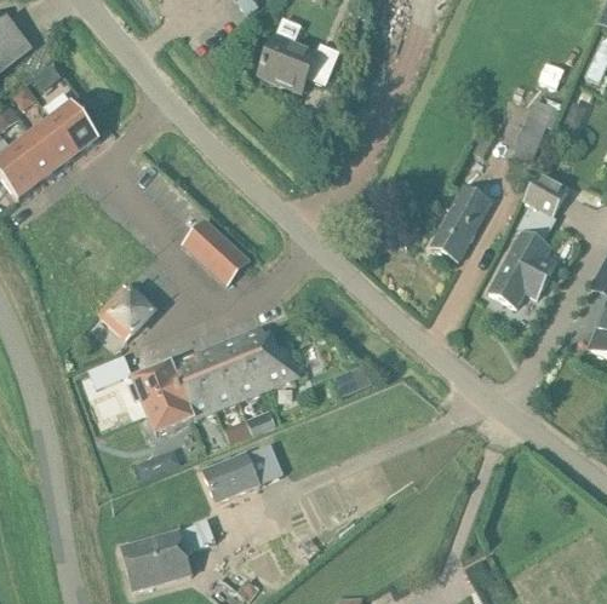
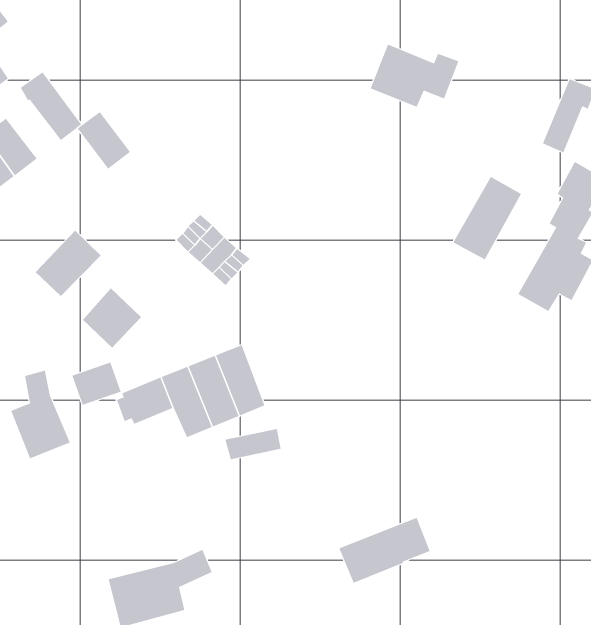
building: [259,34,339,91] -> [370,44,459,107]
building: [32,117,80,169] -> [77,111,131,169]
building: none -> [35,230,101,297]
building: [242,327,298,390] -> none
building: none -> [11,370,70,459]
building: [145,392,193,433] -> none
building: [201,442,284,501] -> [338,517,431,584]

